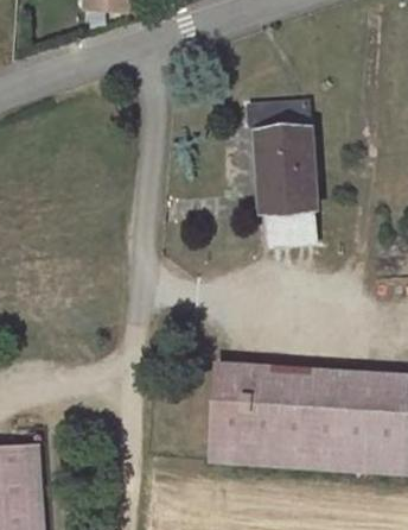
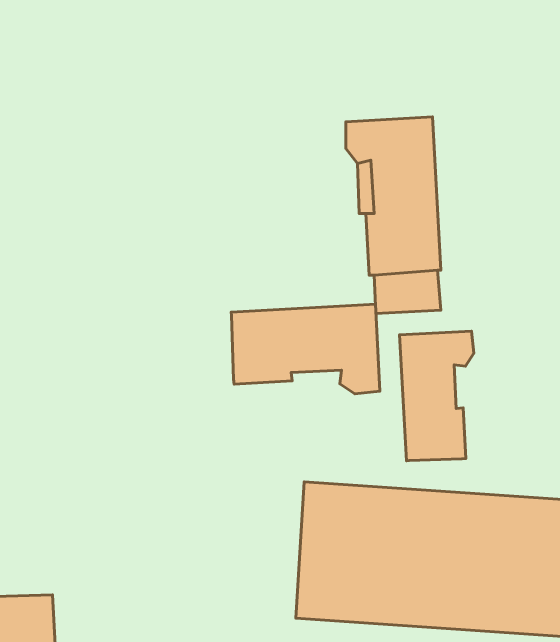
building: none -> [231,304,380,394]
building: none -> [400,331,474,461]

